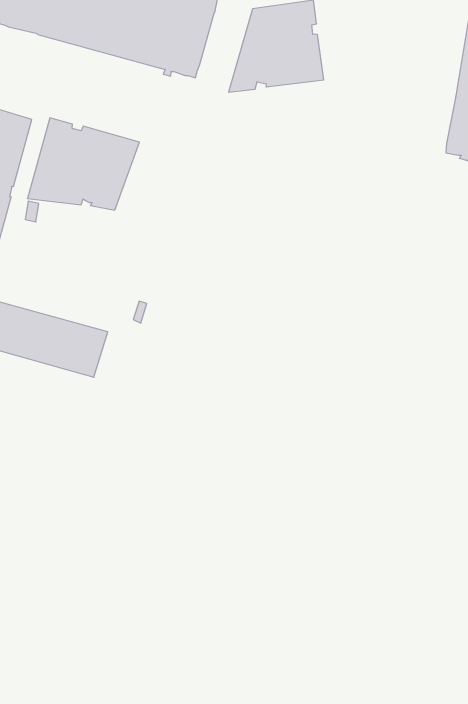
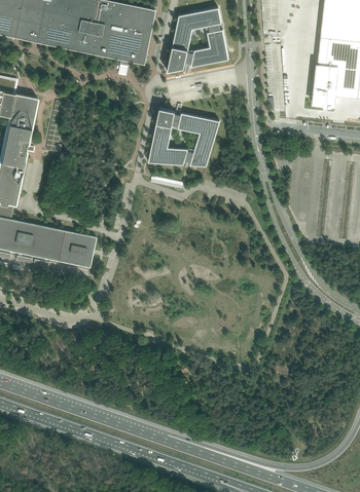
building: [27,118,139,210] -> [148,109,220,167]

